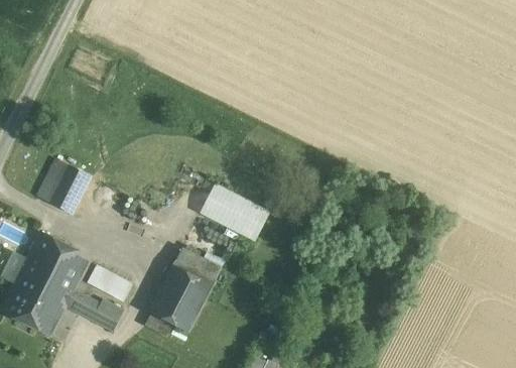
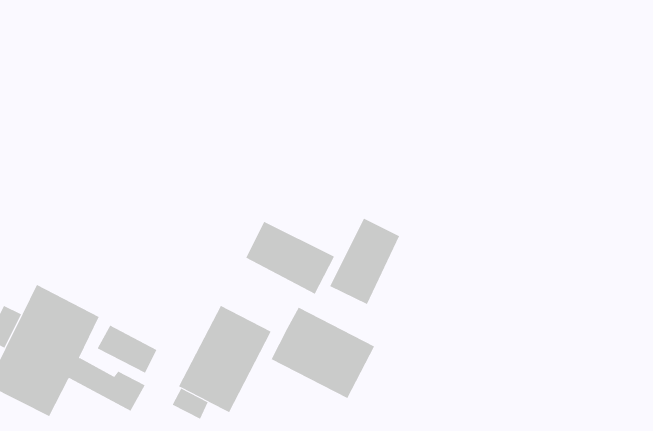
building: [36,158,91,214] -> none
building: none -> [329,218,400,305]
building: none -> [271,307,375,399]

